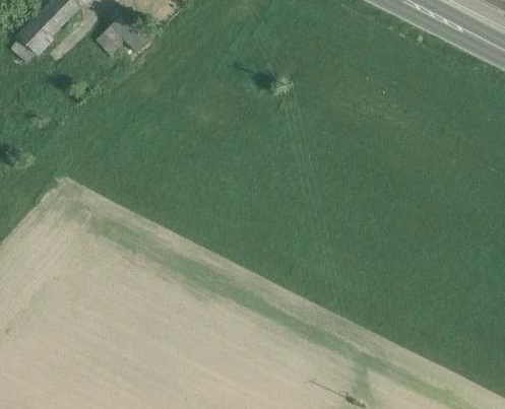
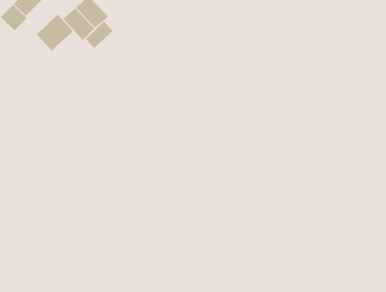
building: none -> [36,14,74,51]
building: none -> [85,21,113,49]

